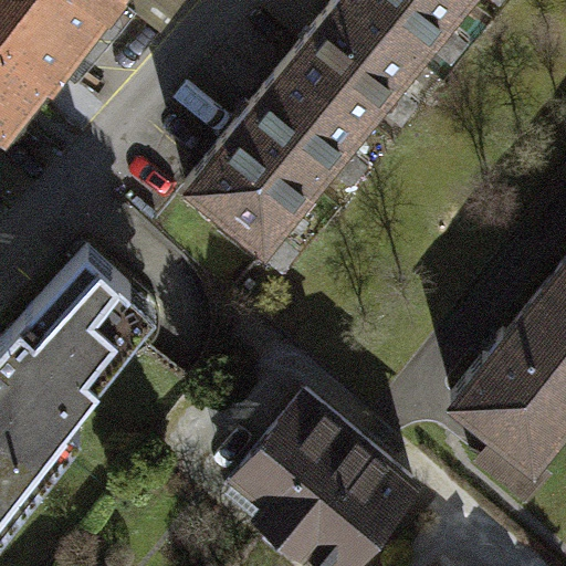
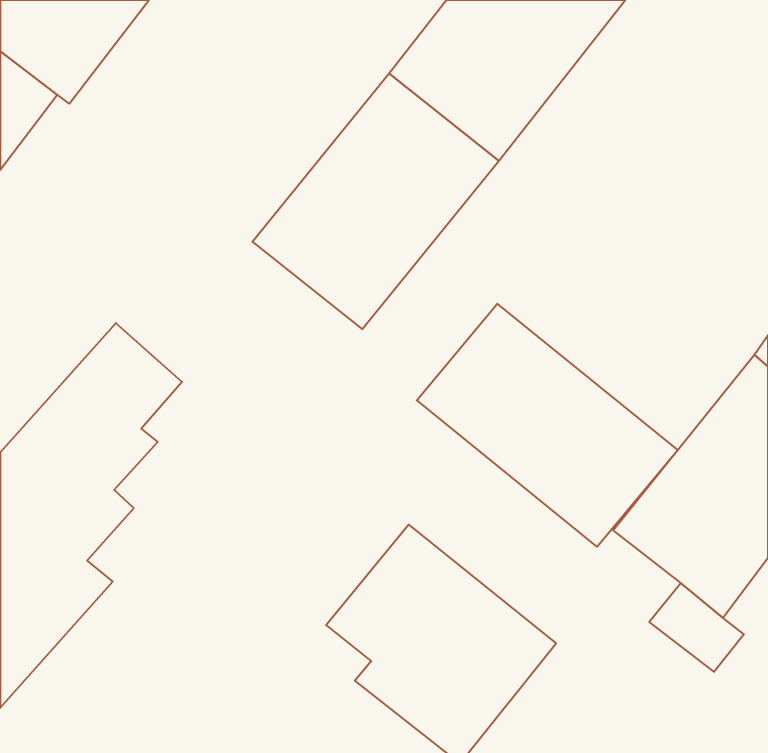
building: none -> [417,304,678,547]

